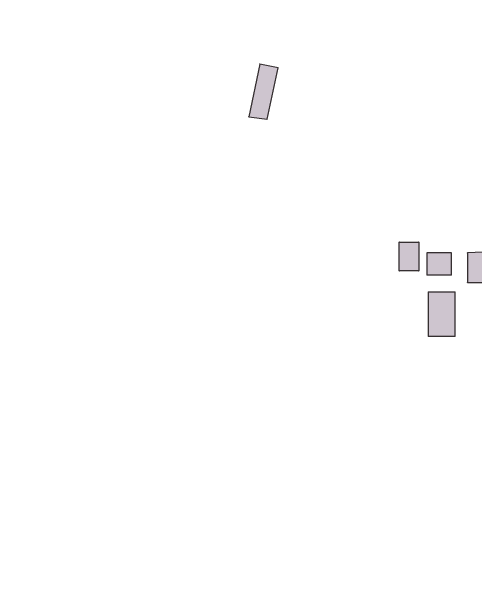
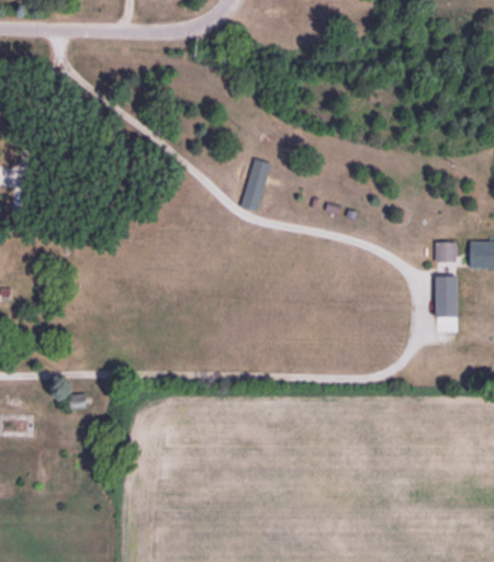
building: [249,64,278,119] -> [242,160,268,210]
building: [399,242,419,271] -> none

